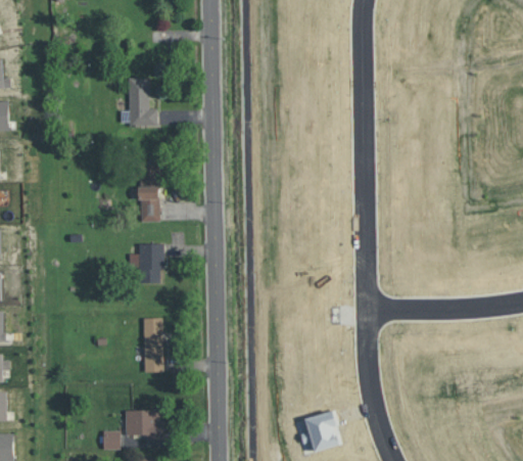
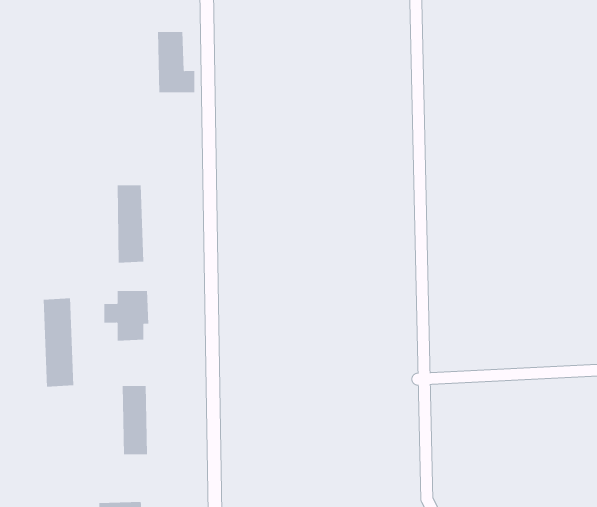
building: [128,79,157,127] -> [157,32,195,93]
building: none -> [43,297,74,387]

